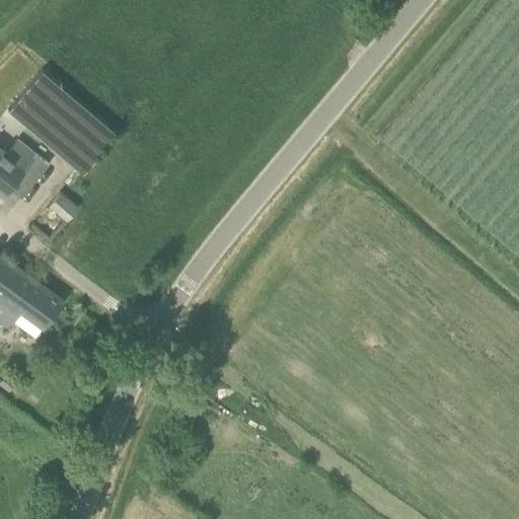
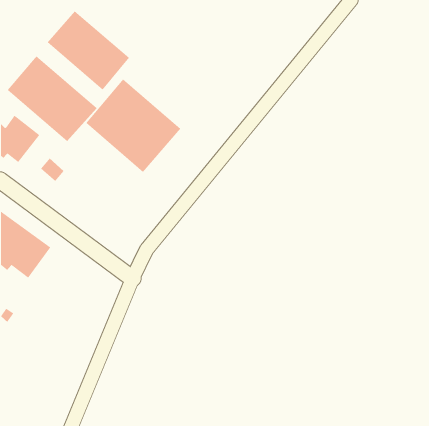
building: none -> [47,10,130,90]
building: none -> [86,78,181,173]

